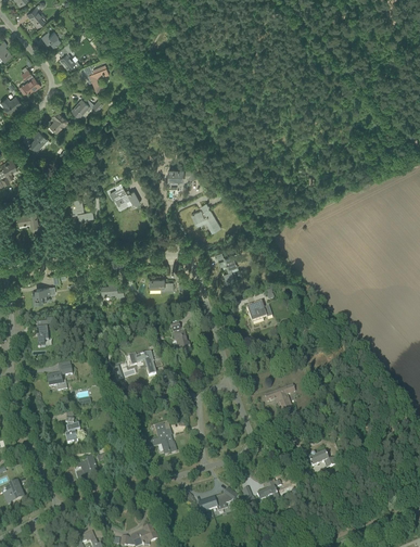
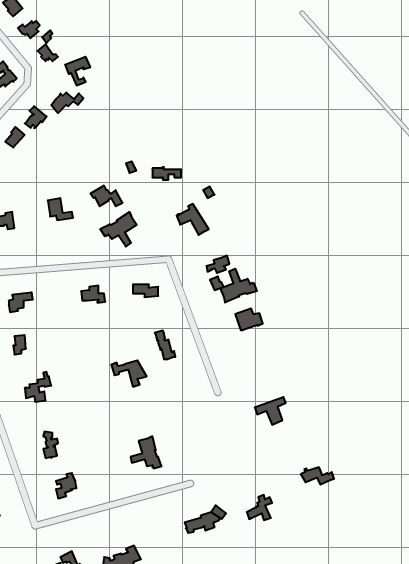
building: none -> [100,212,137,247]
building: none -> [220,269,257,303]

